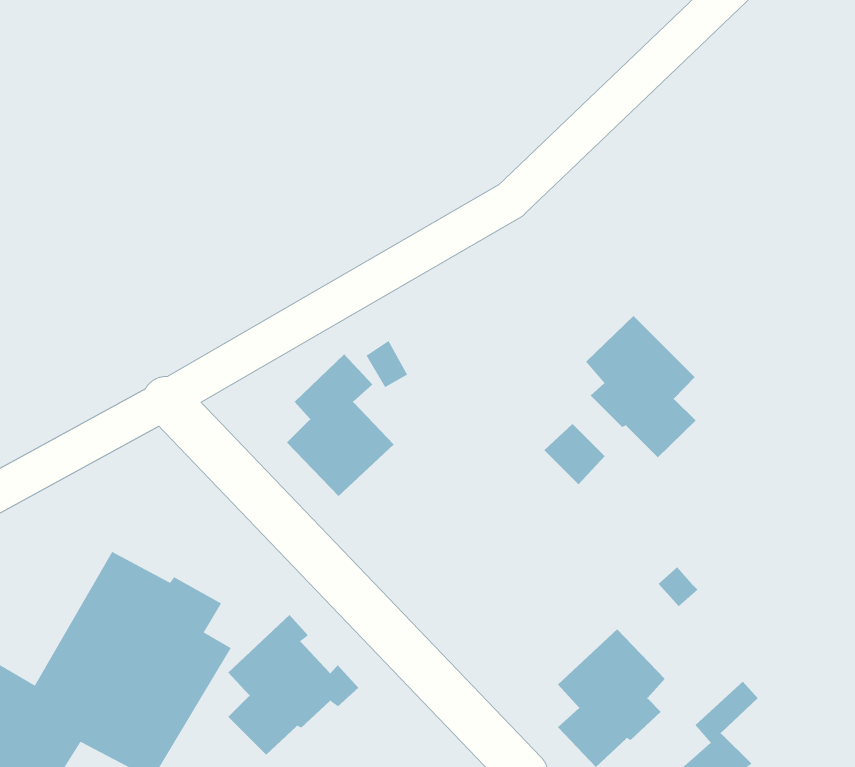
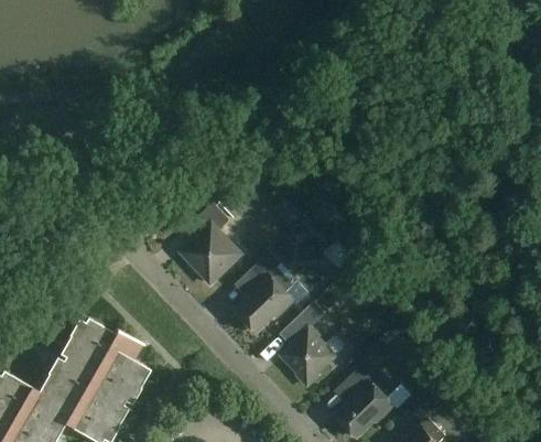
building: [585,315,696,458] -> none
building: none -> [280,303,343,389]
building: [228,614,359,756] -> [235,254,310,334]

